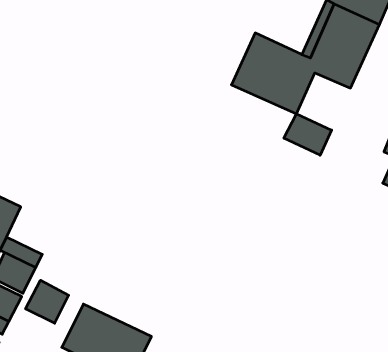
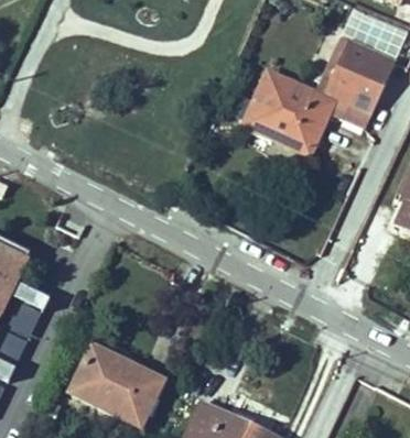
building: [284,114,332,155] -> none
building: [26,280,69,323] -> none

